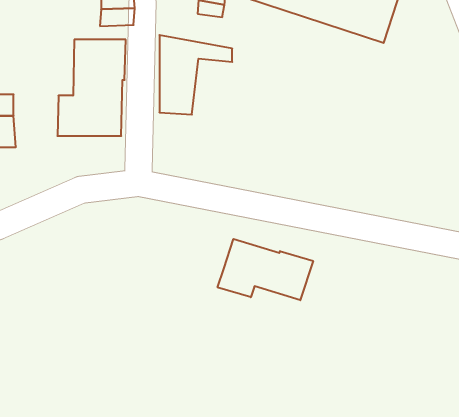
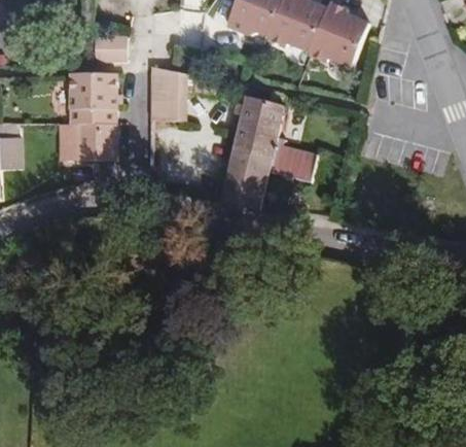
building: none -> [218,85,323,208]
building: [218,239,313,300] -> none

